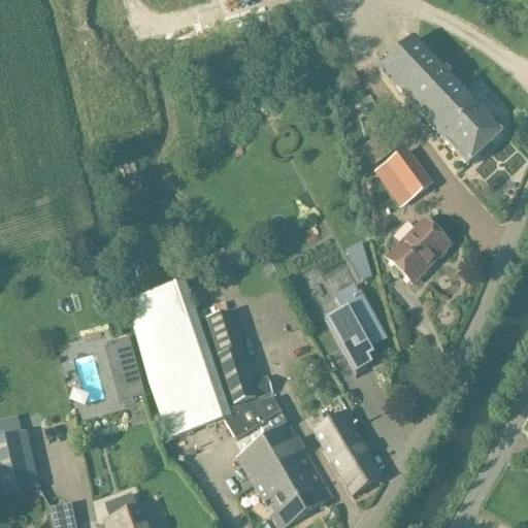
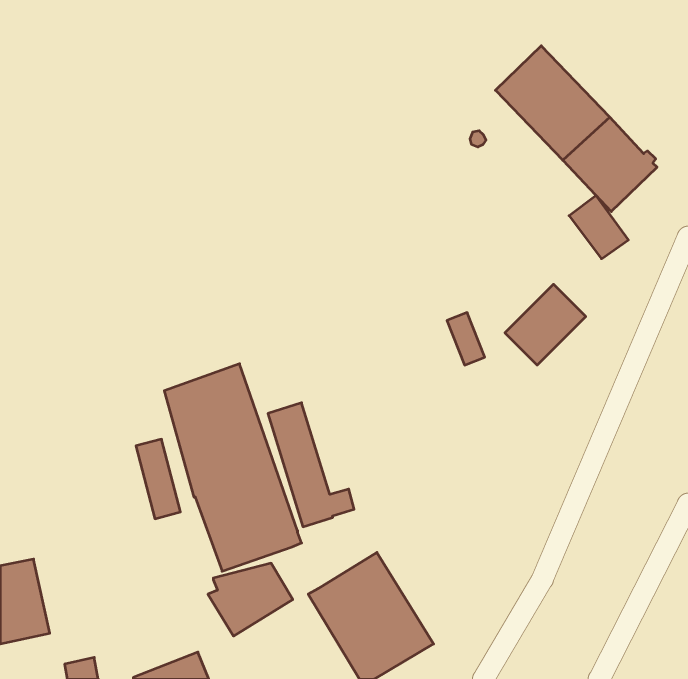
building: [386,146,431,195] -> [569,195,628,259]
building: [324,282,387,373] -> none
building: [224,395,289,451] -> [208,563,293,636]
building: [312,408,381,493] -> none

